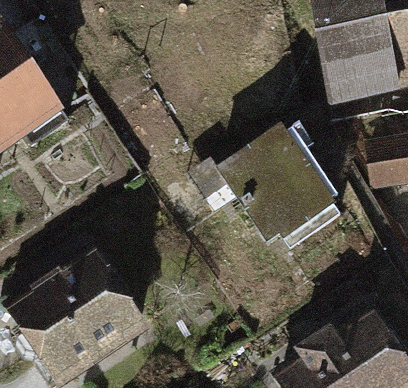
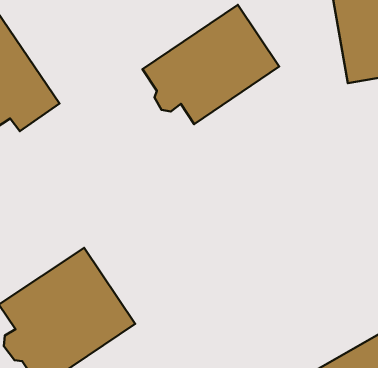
building: none -> [142,5,279,124]
building: [218,123,339,240] -> none

